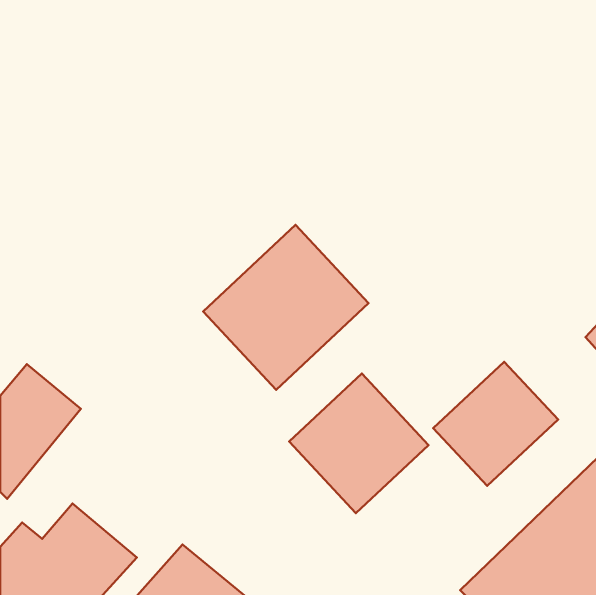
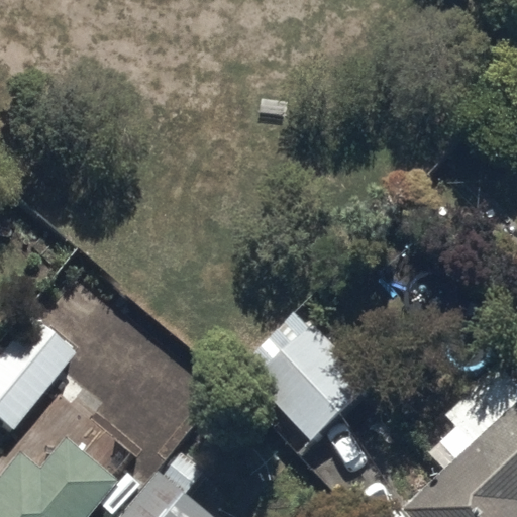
building: [203,225,369,390] -> none
building: [433,362,558,486] -> none

